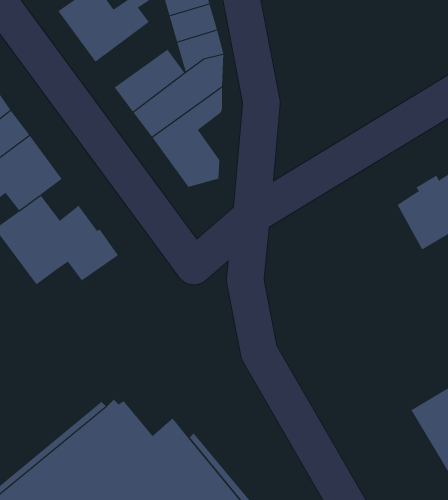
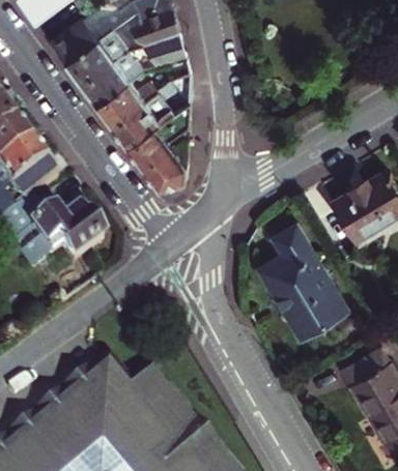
building: none -> [83,52,143,106]
building: none -> [257,226,345,340]

